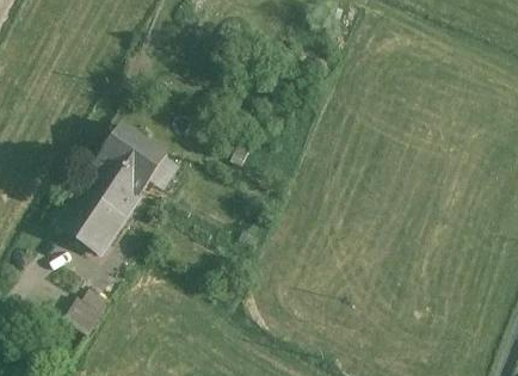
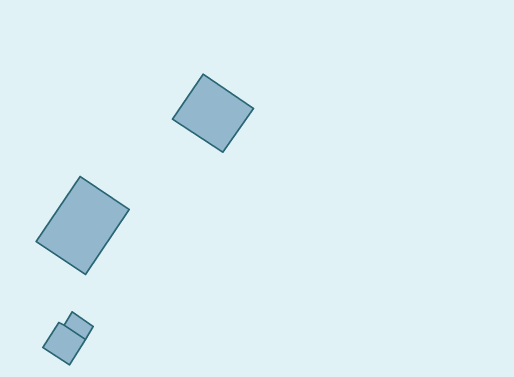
building: [94,123,167,193] -> [173,74,254,152]

